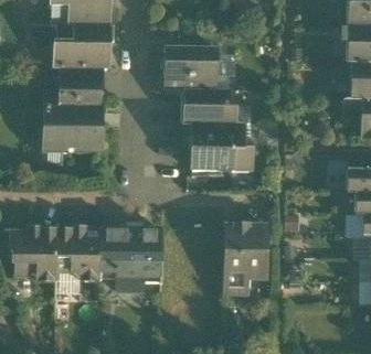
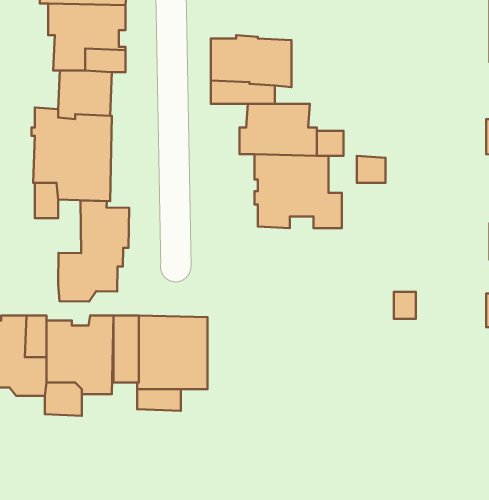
building: [205,55,234,89] -> none
building: none -> [58,201,129,302]
building: [223,224,265,294] -> none

